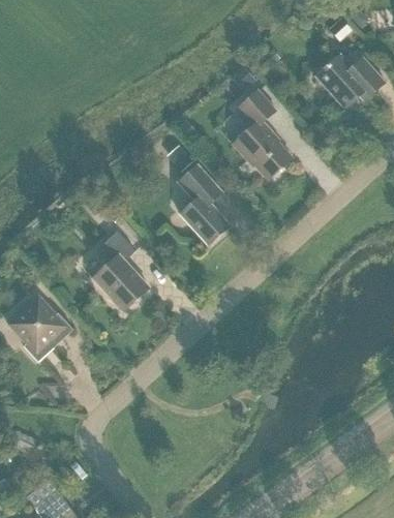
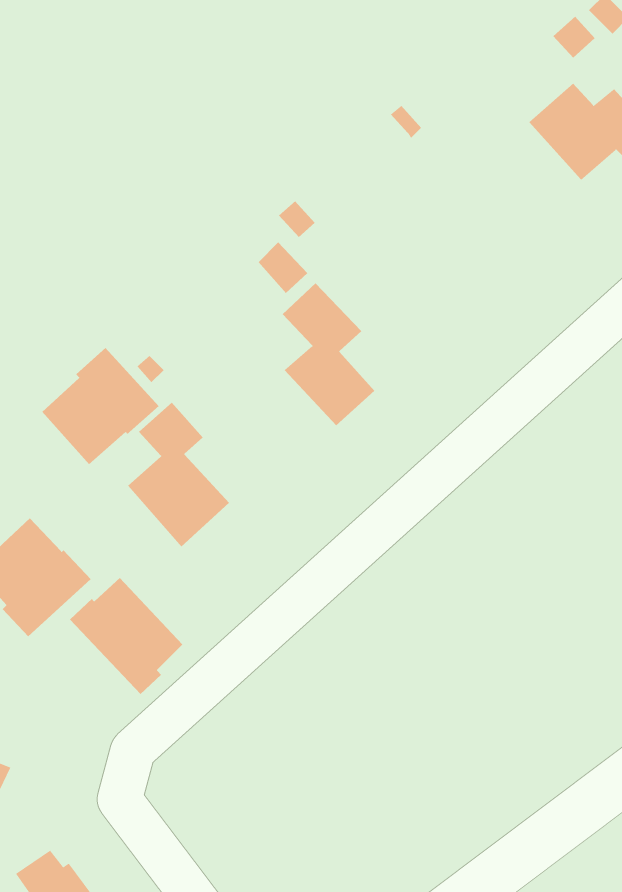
building: [232,88,292,178] -> none
building: none -> [42,347,160,465]
building: none -> [69,577,183,695]

